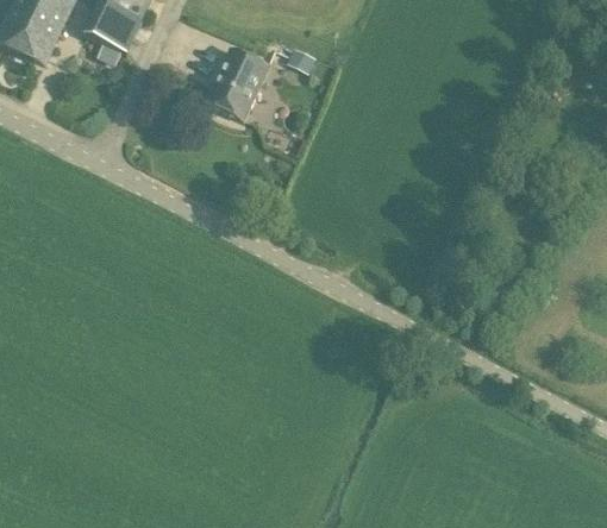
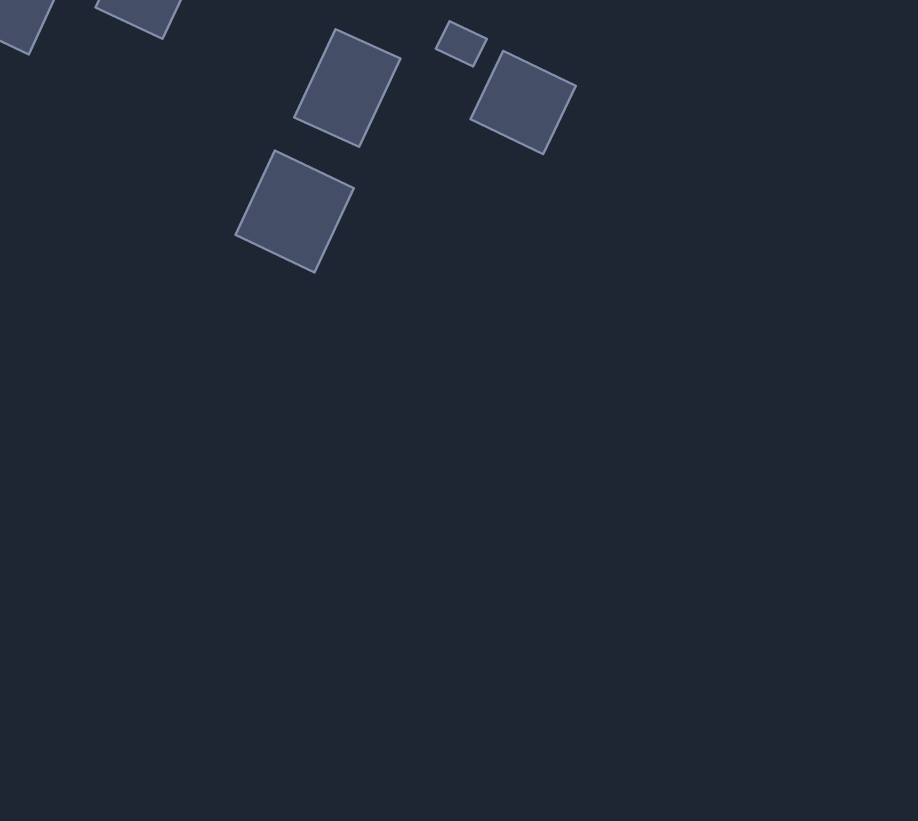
building: none -> [471,51,576,154]
building: none -> [235,151,354,272]

